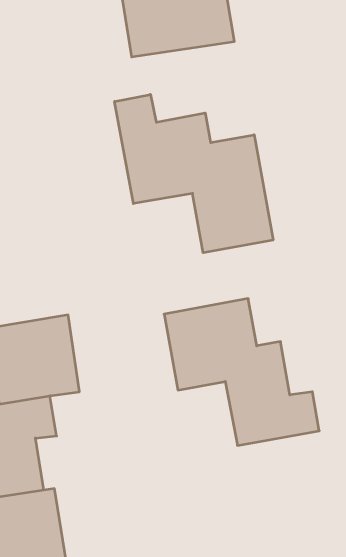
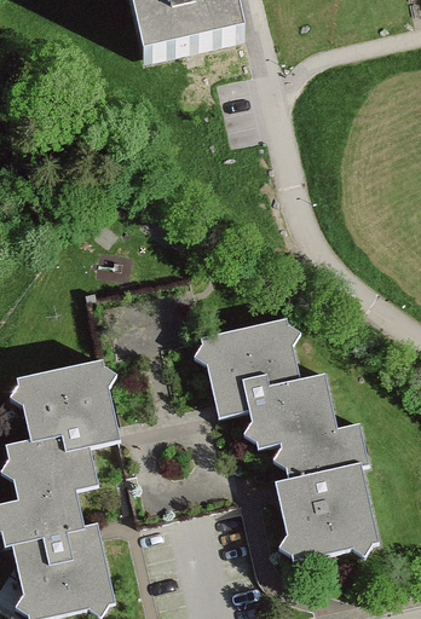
building: [115,94,273,253] -> none
building: none -> [275,462,377,561]

